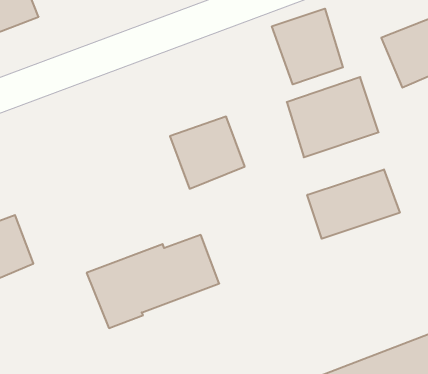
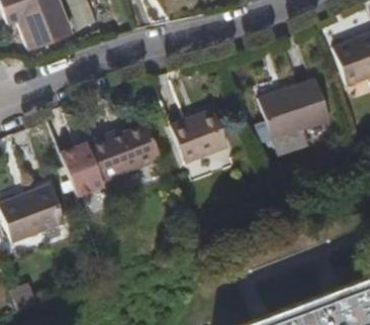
building: [272,9,343,84] -> none
building: [307,169,400,239] -> none
building: [87,235,219,328] -> [58,123,160,195]

